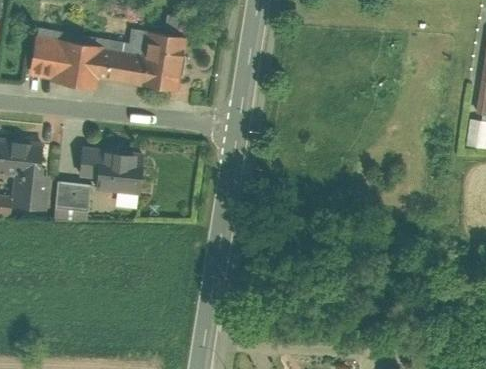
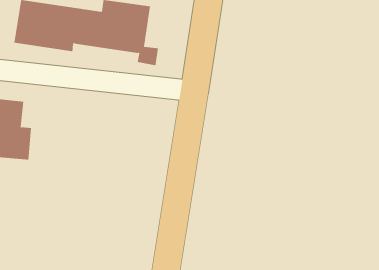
building: [56,148,139,210] -> none

